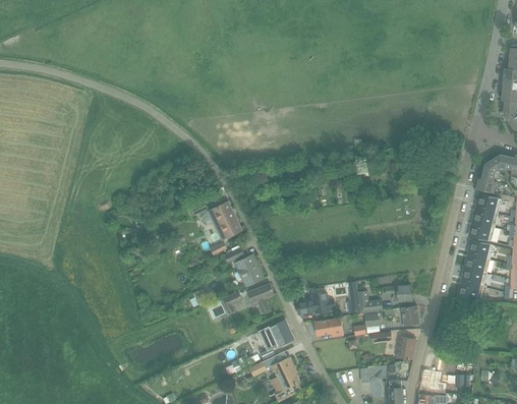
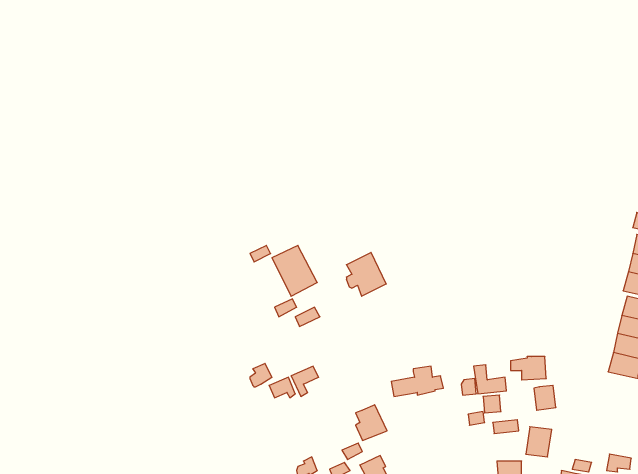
building: [234,254,264,287] -> [346,252,386,296]
building: [247,284,274,313] -> none
building: [314,319,343,337] -> none

